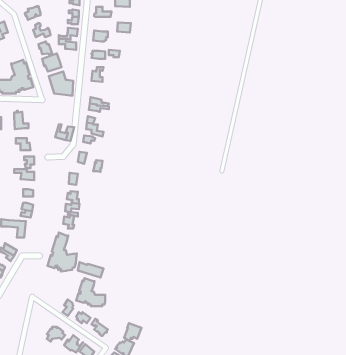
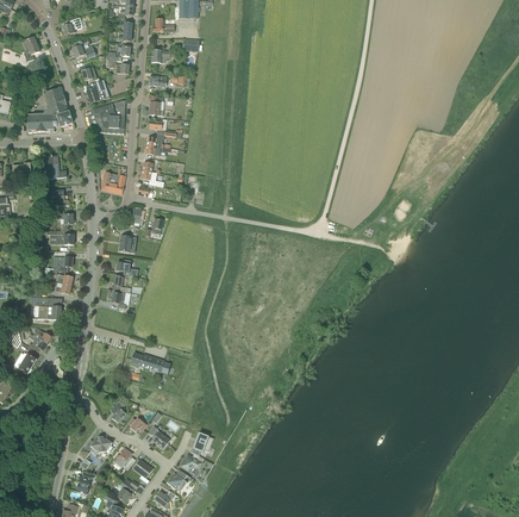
building: [47,233,77,271] -> none
building: [76,278,105,306] -> none

